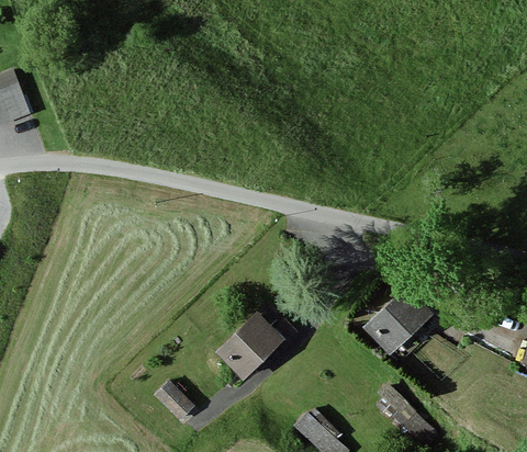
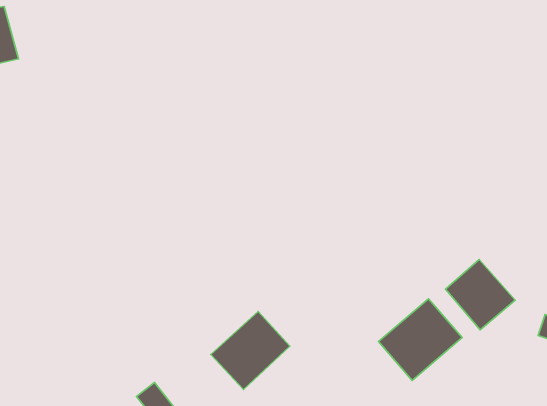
building: none -> [446,260,515,330]

